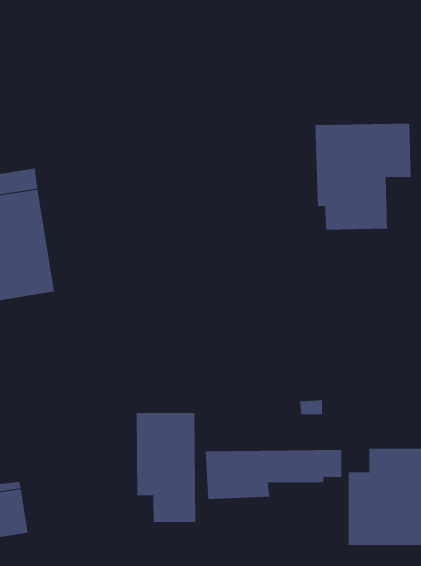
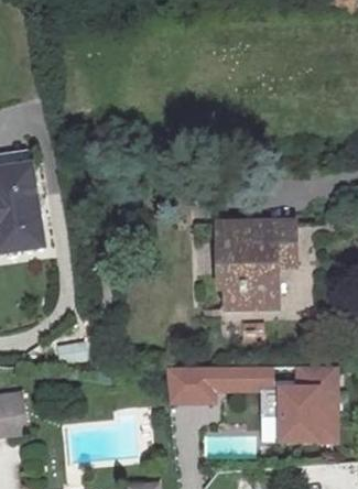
building: [314,123,412,230] -> [215,222,292,307]
building: [136,412,196,523] -> none

